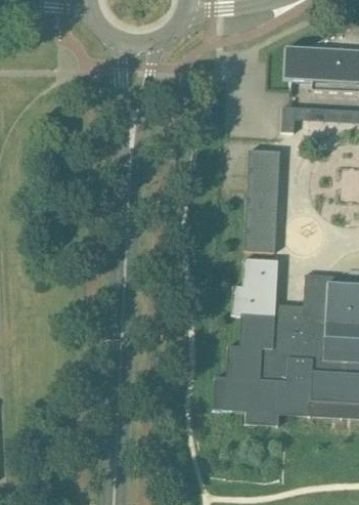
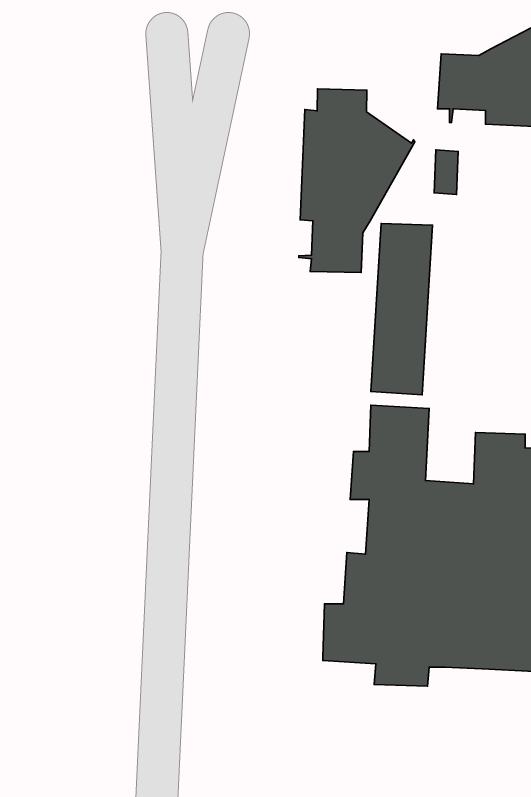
building: none -> [299,89,415,273]

